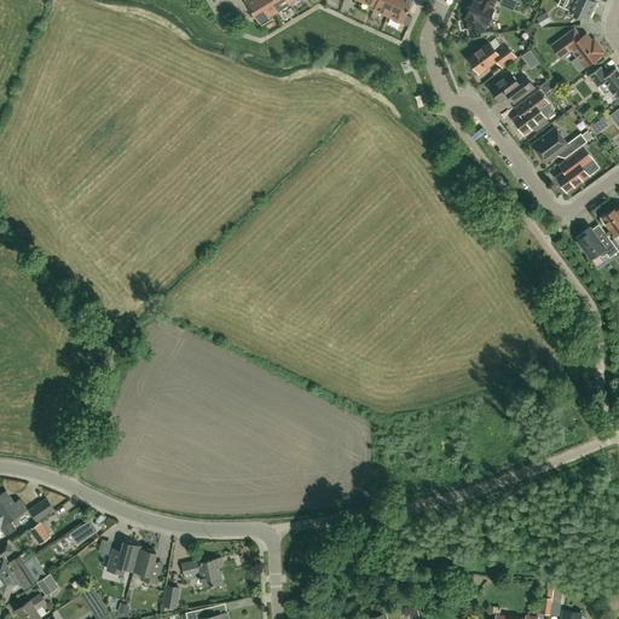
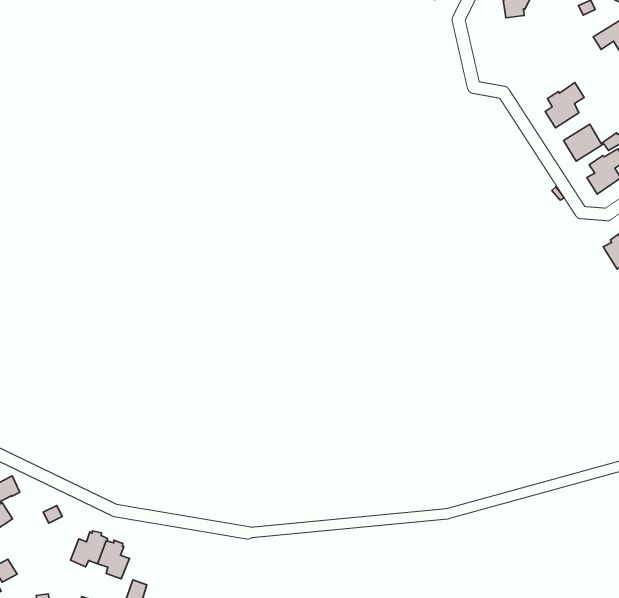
building: [468,42,515,73] -> none
building: [490,73,533,103] -> none
building: [181,559,221,588] -> none

